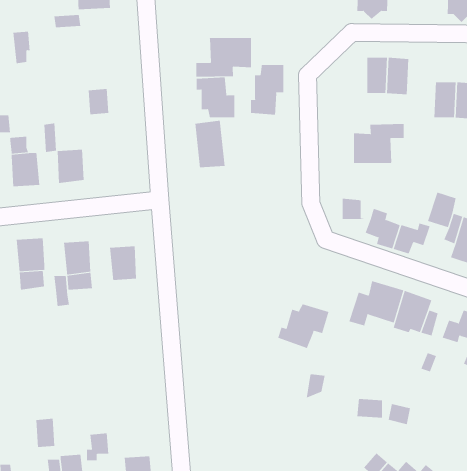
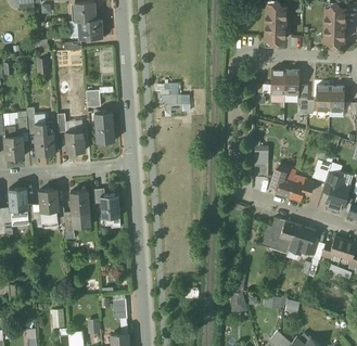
building: [166,37,252,78] -> none
building: [250,64,284,116] -> none
building: [194,120,225,168] -> [93,111,114,142]
building: [354,123,431,164] -> none
building: [278,303,329,349] -> none

